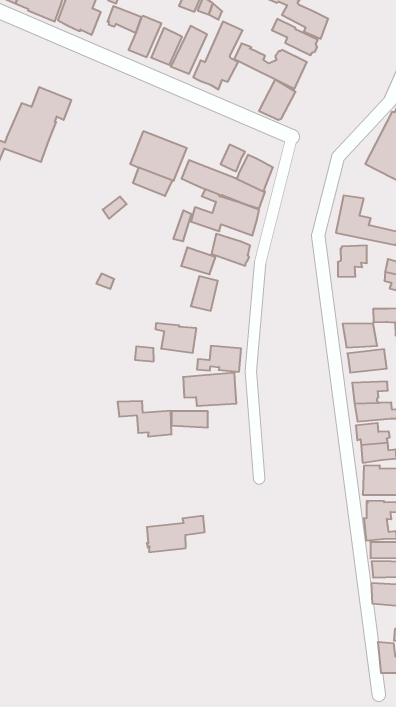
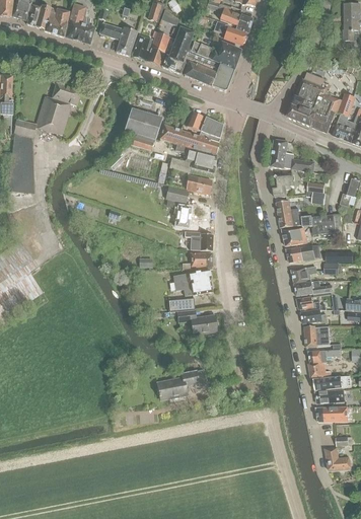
building: none -> [185,53,219,85]
building: none -> [277,199,301,227]
building: [155,323,196,353] -> [185,231,213,249]
building: [117,401,172,437] -> [176,309,216,333]

